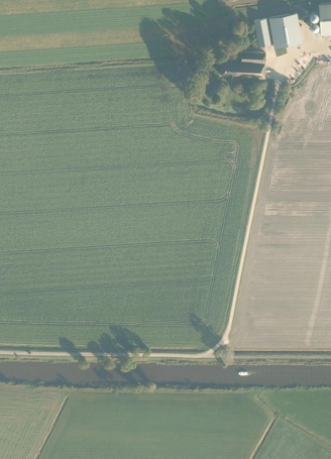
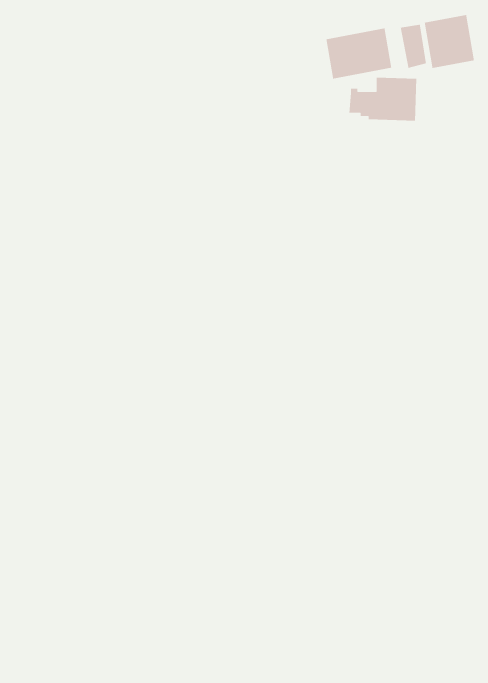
building: none -> [326,27,392,80]

